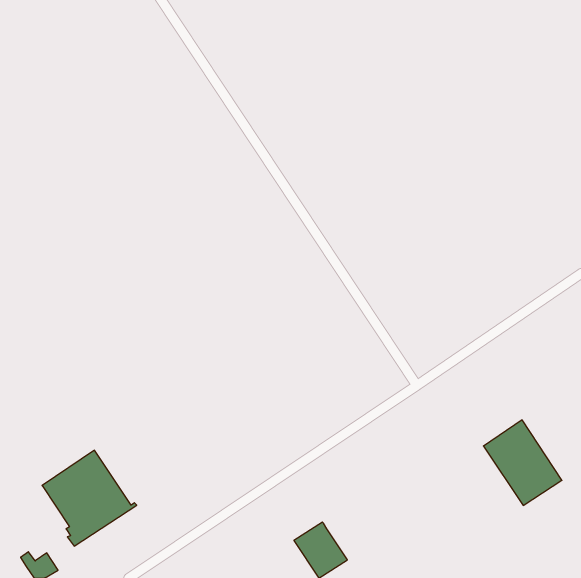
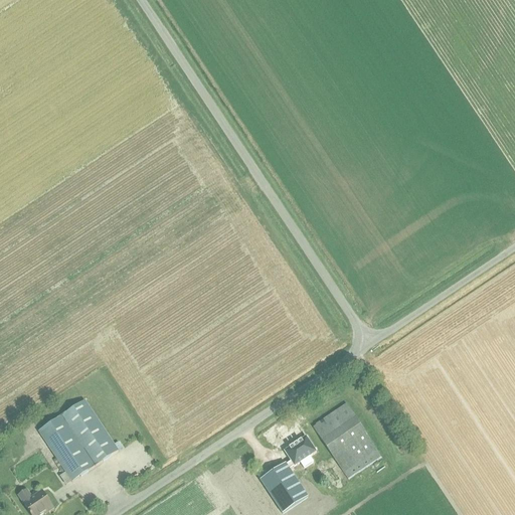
building: [483,420,562,505] -> [312,400,381,476]
building: none -> [284,434,315,467]

